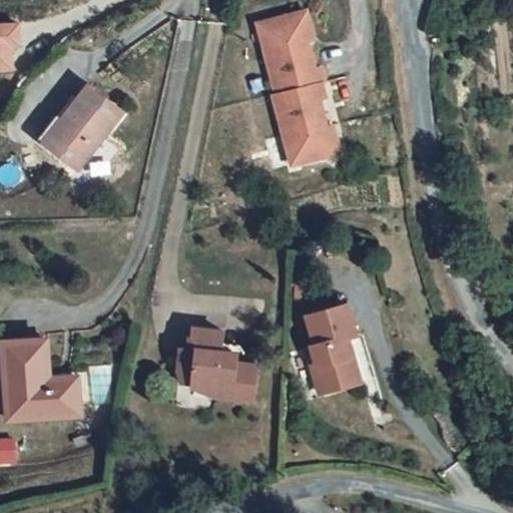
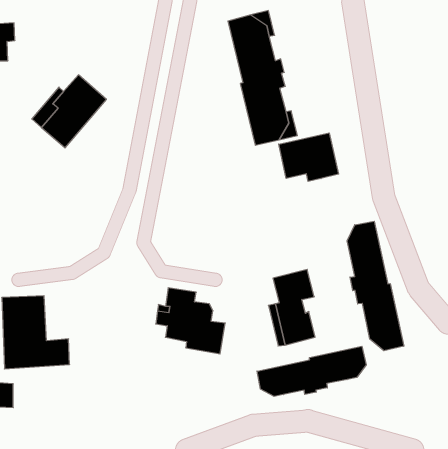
building: none -> [279,133,339,181]
building: none -> [347,221,404,351]
building: none -> [257,346,366,396]

